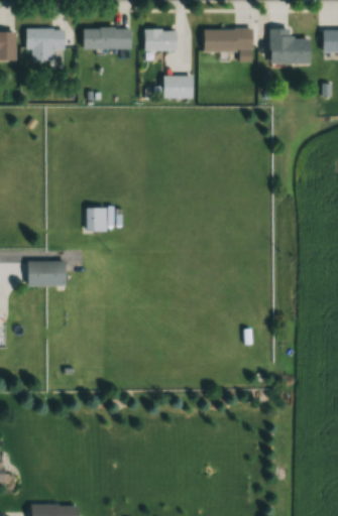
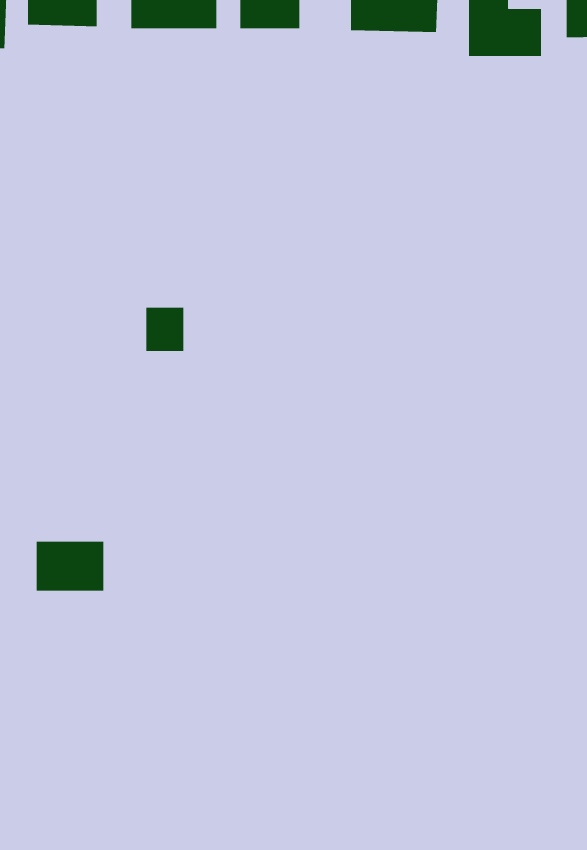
building: [162,76,192,98] -> none
building: [28,260,66,287] -> [36,541,104,591]

